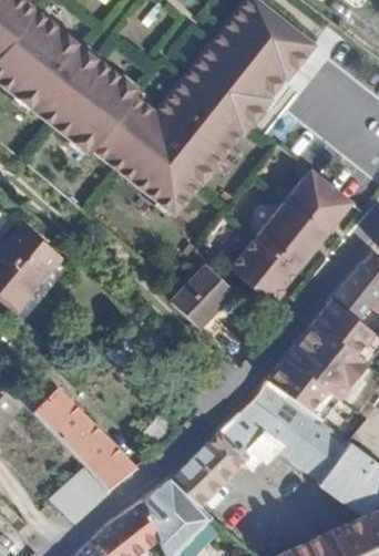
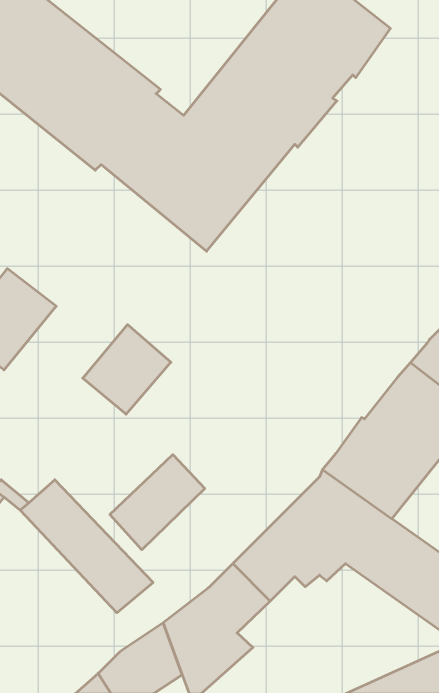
building: [224,172,347,307] -> none
building: [162,267,229,336] -> [83,325,171,414]
building: none -> [110,455,205,550]
building: [49,470,109,526] -> none

